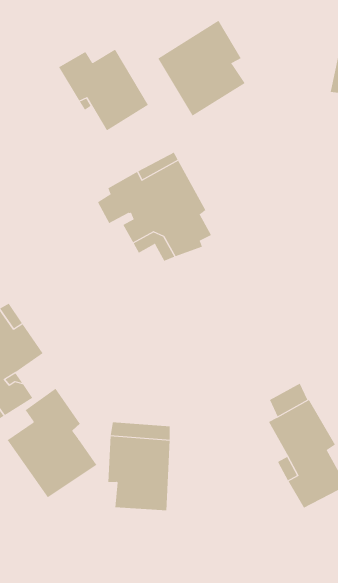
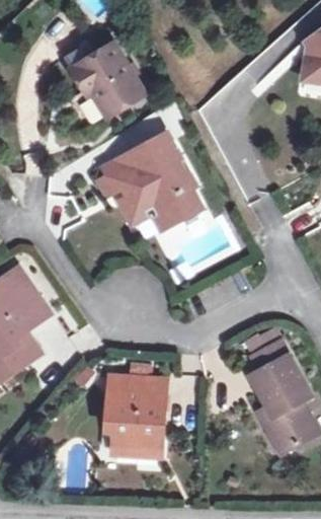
building: [157,20,246,116] -> none
building: [7,388,97,498] -> none

